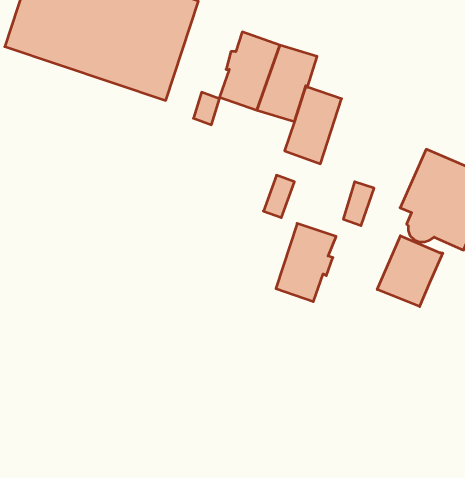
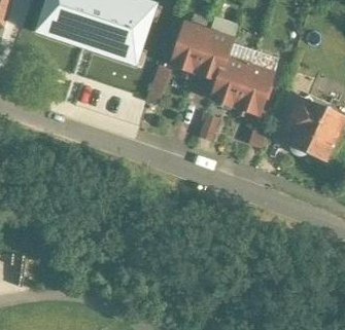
building: [276,223,336,302] -> [235,64,273,113]
building: [377,236,443,307] -> none

